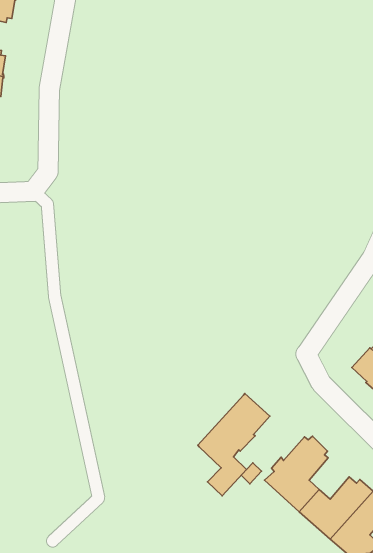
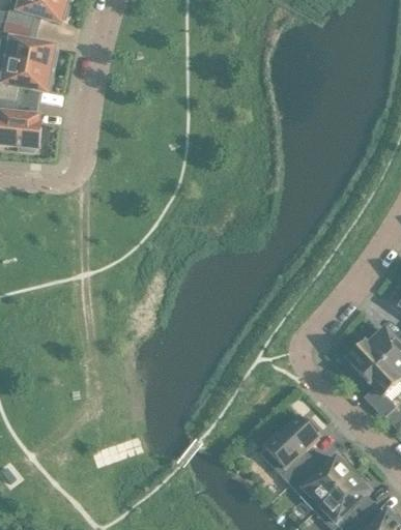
building: [198,394,270,496] -> none

